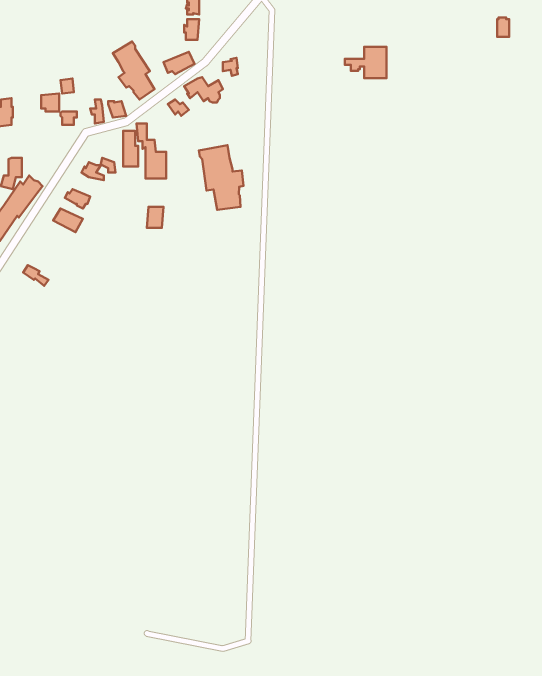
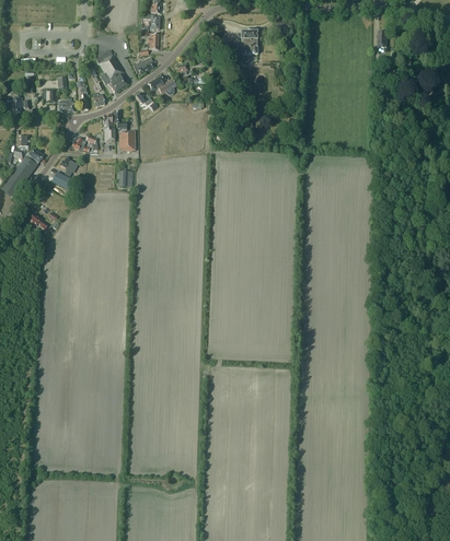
building: [345,47,387,78] -> [227,31,257,54]
building: [199,145,243,210] -> none

